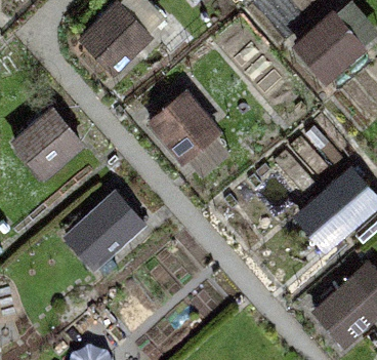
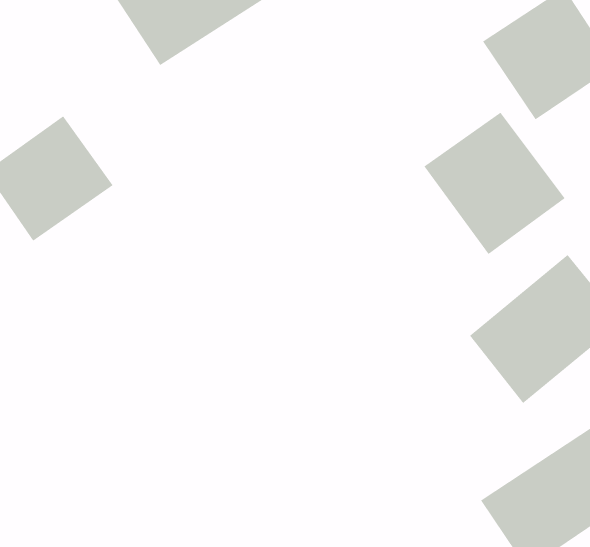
building: [144,88,227,171] -> [424,112,565,255]
building: [58,186,151,275] -> none

